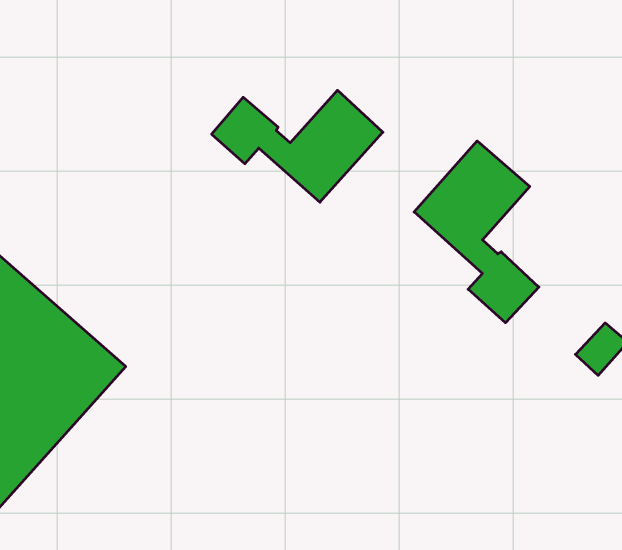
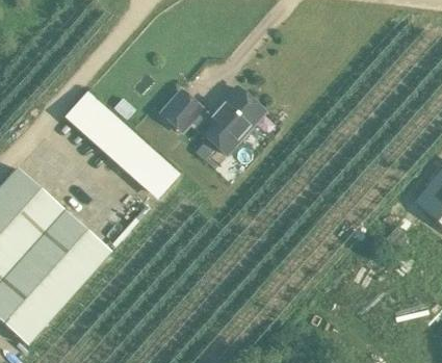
building: none -> [68,92,180,195]
building: [414,141,539,323] -> none

